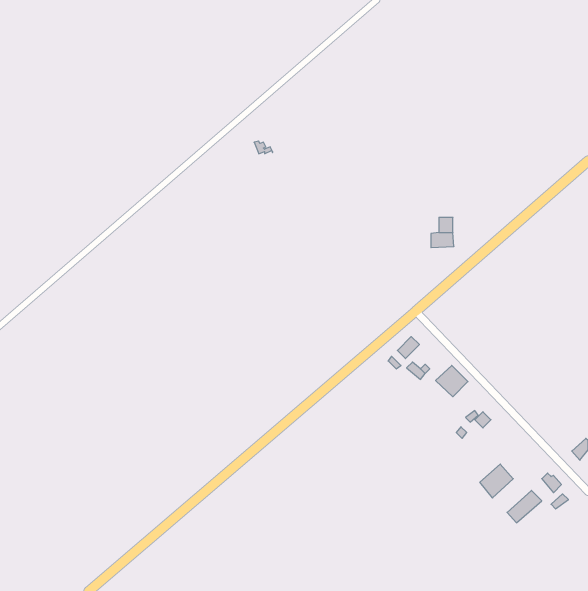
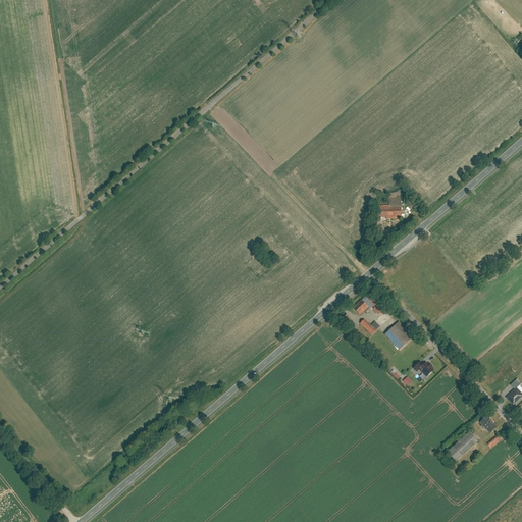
building: [480,464,513,498] -> none

